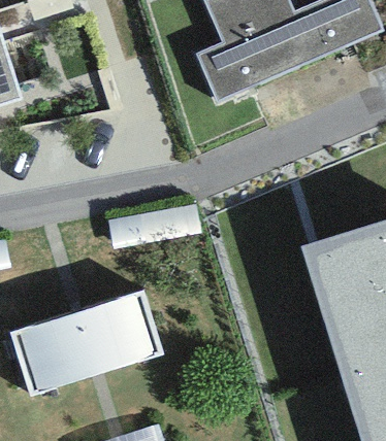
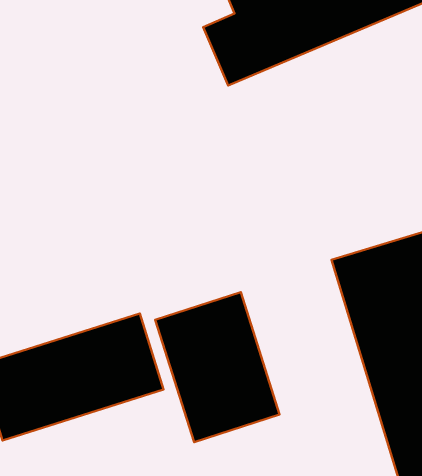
building: none -> [155,292,280,442]

